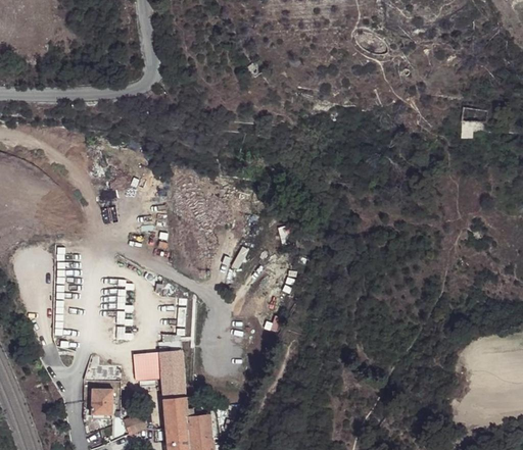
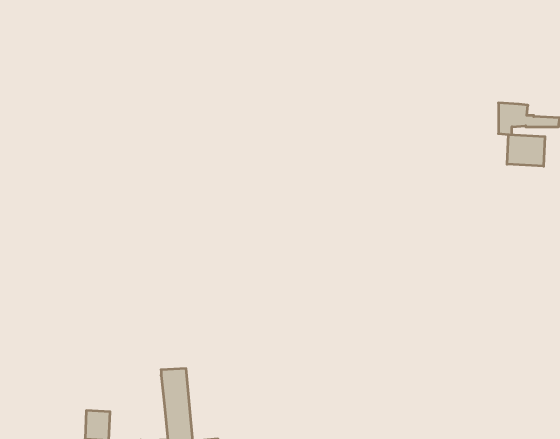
building: none -> [507,135,545,166]
building: [134,355,161,384] -> none

